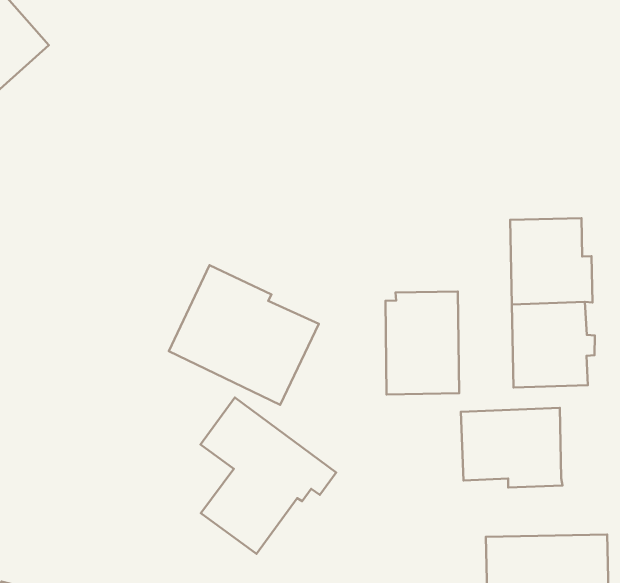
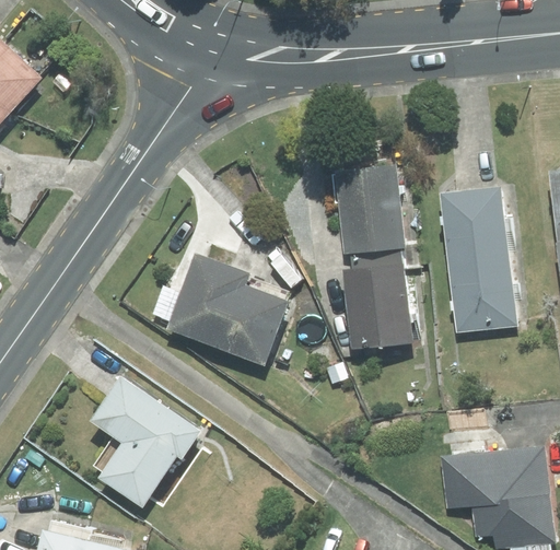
building: none -> [334,166,404,262]
building: [200,398,336,554] -> [97,379,212,507]
building: [461,408,563,488] -> none

